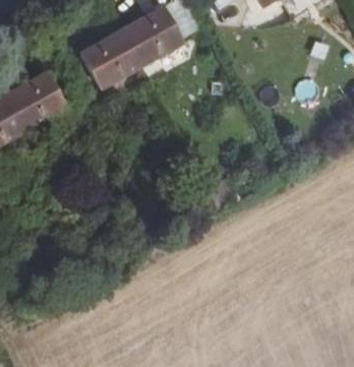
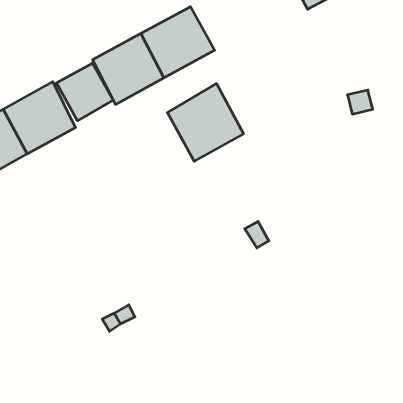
building: none -> [57,63,113,121]
building: none -> [167,84,243,161]

